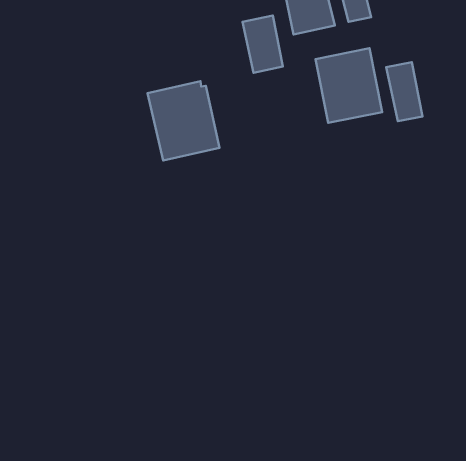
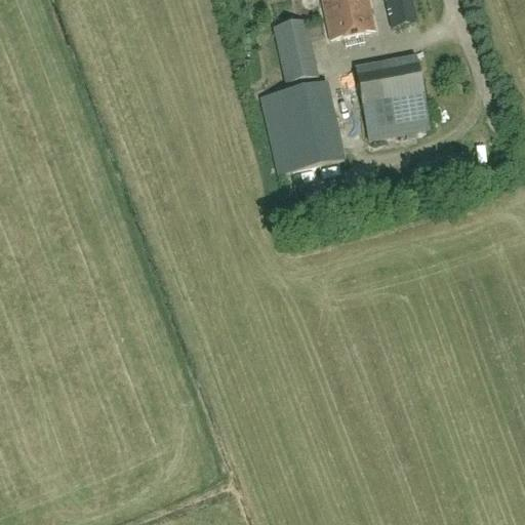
building: [386,62,423,121] -> none
building: [148,81,220,160] -> [261,82,342,171]

